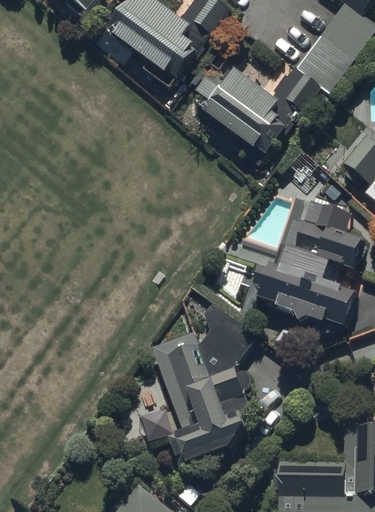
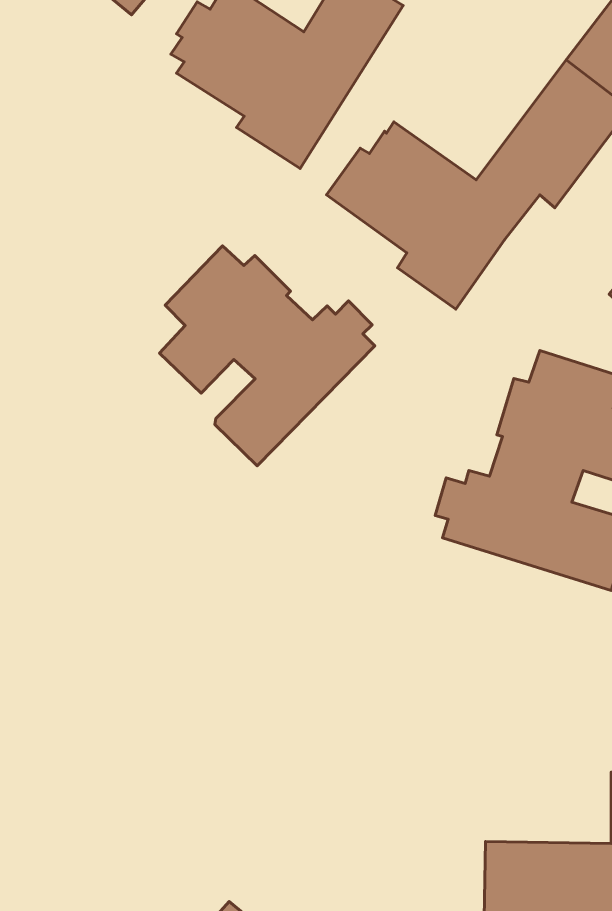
building: none -> [160,246,375,466]
building: [151,301,258,468] -> none

